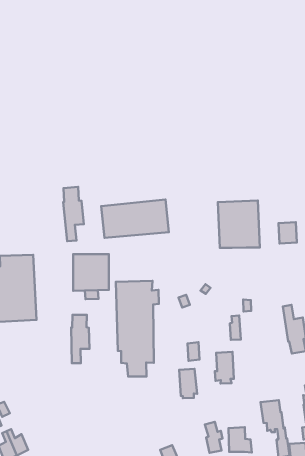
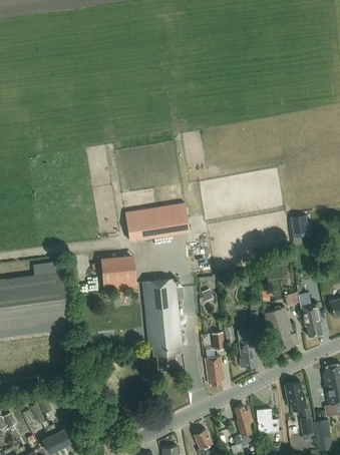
building: [63,187,84,241] -> none
building: [218,201,260,248] -> none
building: [71,315,89,363] -> none
building: none -> [263,308,298,354]

